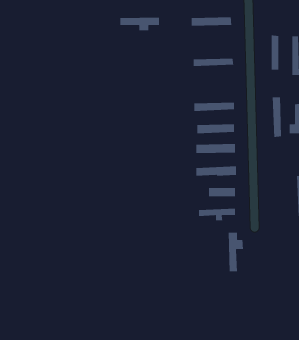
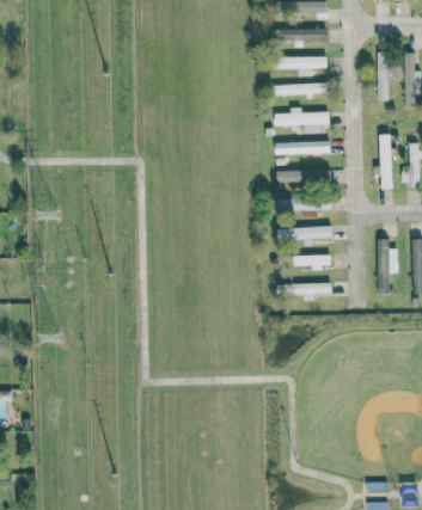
building: [119,17,160,31] -> [273,56,326,75]
building: none -> [275,107,329,131]
building: [228,232,244,272] -> [377,239,398,293]

